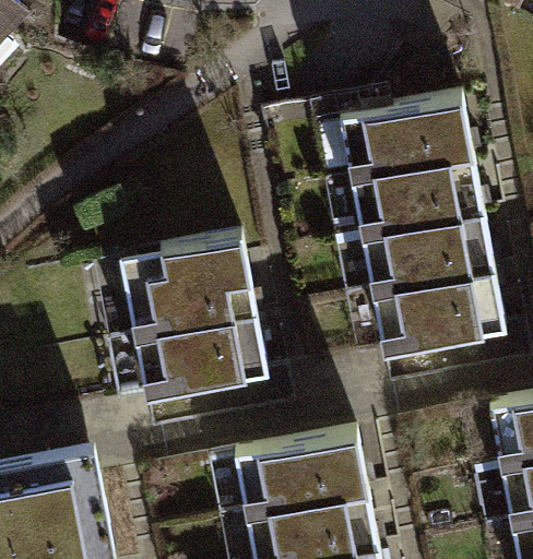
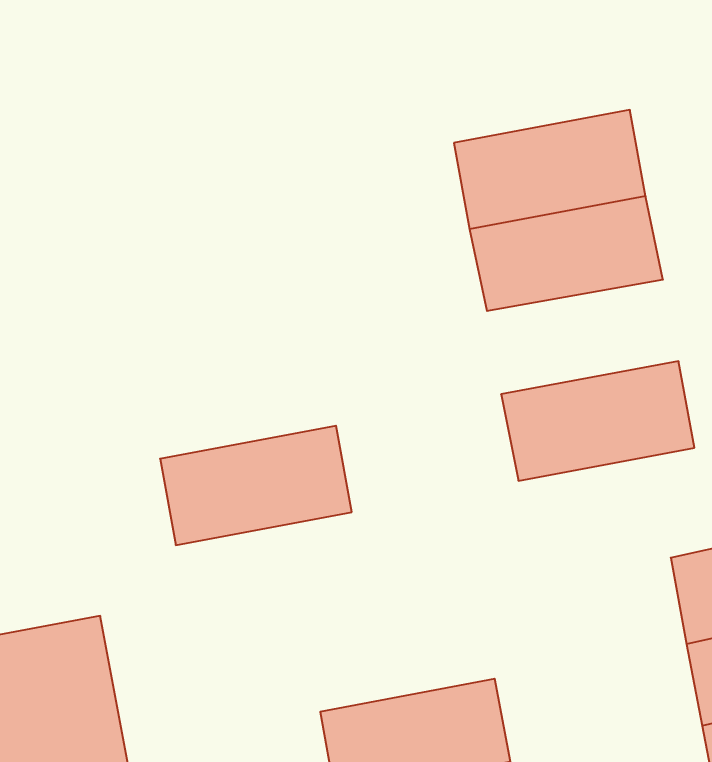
building: [363,219,496,299] -> none
building: [125,241,258,344] -> none
building: [235,438,368,520] -> none

